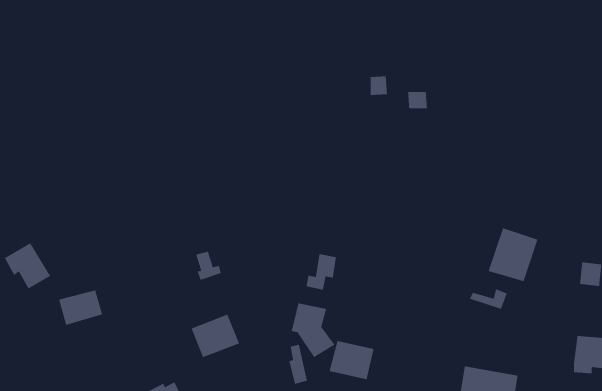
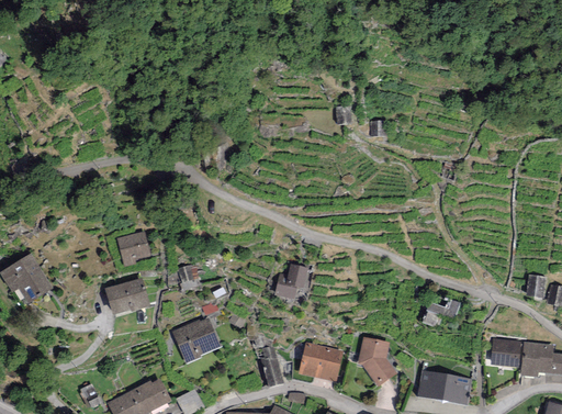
building: none -> [119,233,148,260]
building: [487,227,538,282] -> none
building: [58,289,103,326] -> [106,281,147,314]
building: [291,303,336,358] -> [357,335,397,385]
building: none -> [490,337,524,366]

